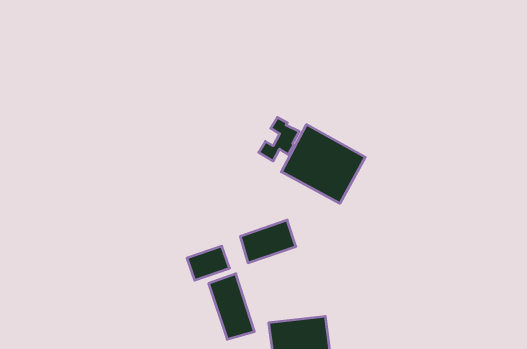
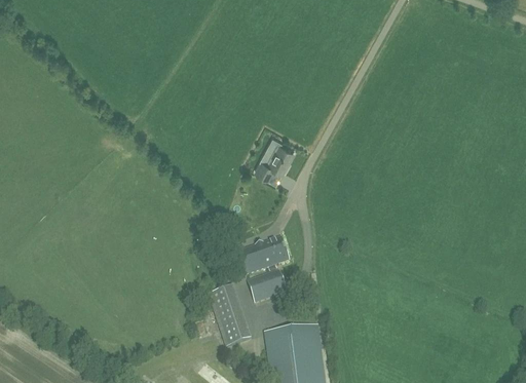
building: [281,125,365,203] -> none
building: [187,246,230,280] -> [246,269,286,301]

